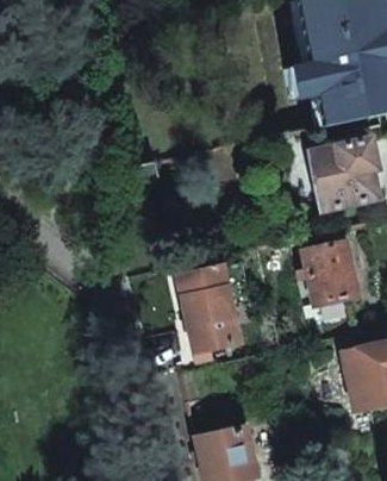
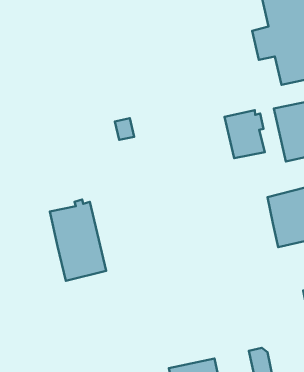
building: none -> [225,110,265,158]
building: [182,262,244,351] -> [50,200,106,281]

